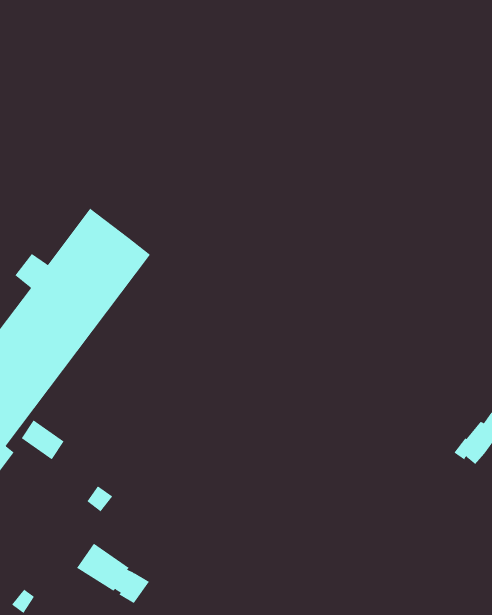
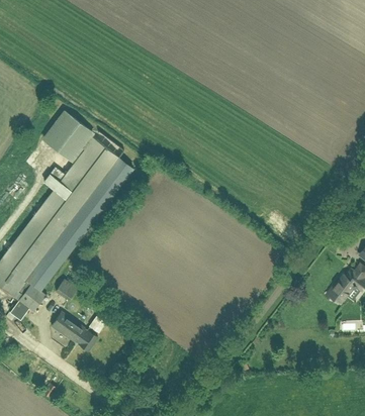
building: none -> [43,112,91,161]
building: [76,543,150,604] -> [50,312,97,351]

